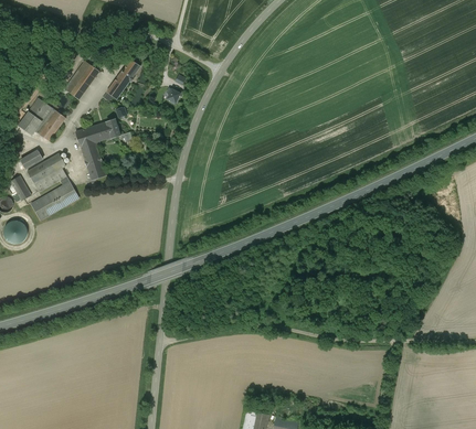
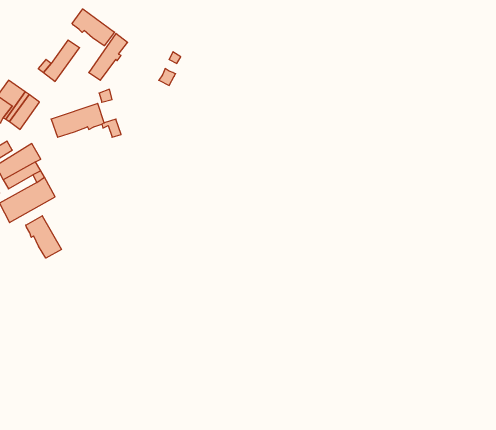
building: none -> [72,9,115,46]
building: [80,142,105,180] -> none
building: none -> [26,216,61,258]

